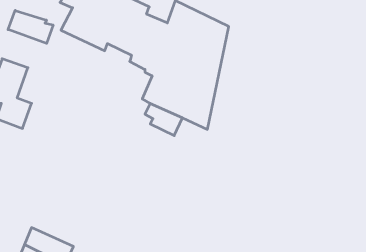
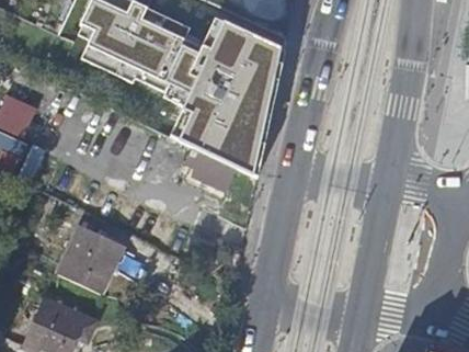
building: [8,10,53,43] -> none
building: none -> [57,223,127,293]

